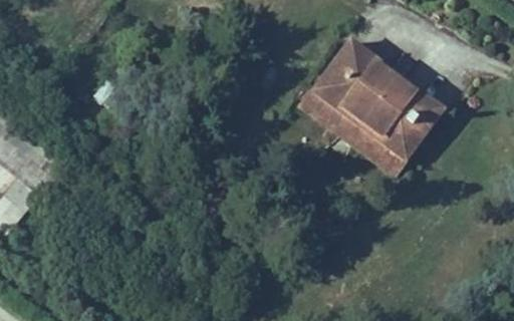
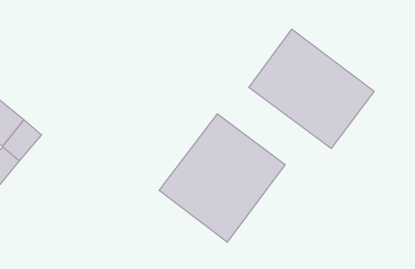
building: none -> [159,114,285,242]

